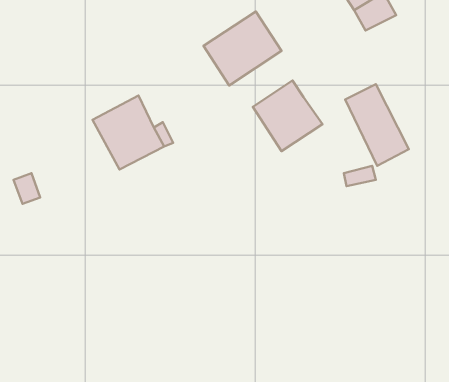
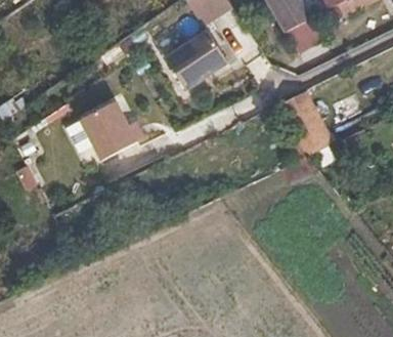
building: [253,80,323,151] -> none

